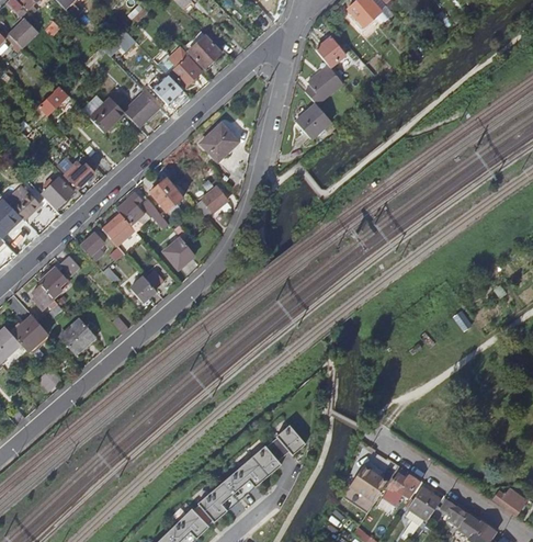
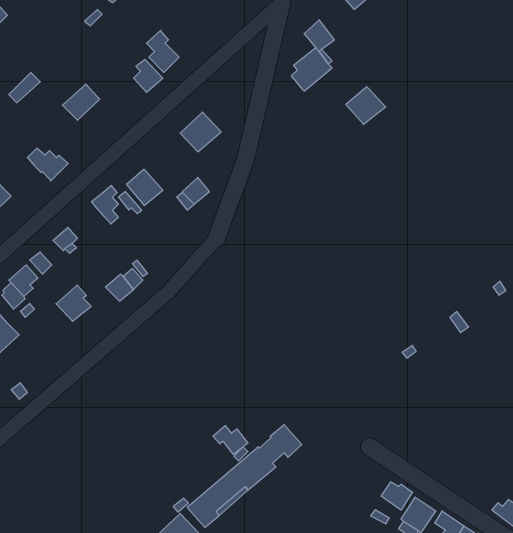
building: [186,35,220,69] -> none
building: [122,90,159,126] -> none
building: [294,102,331,137] -> [346,87,386,124]
building: [41,174,71,207] -> none
building: [103,213,134,244] -> none
building: [163,237,194,269] -> none
building: [59,319,92,353] -> [56,285,91,321]
building: none -> [213,426,248,454]
building: [348,464,387,501] -> none

